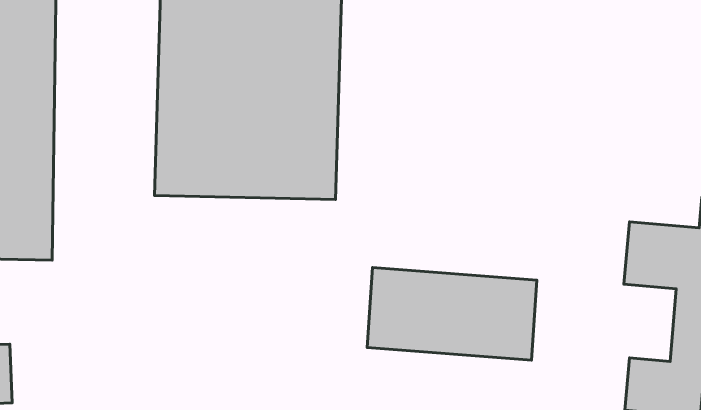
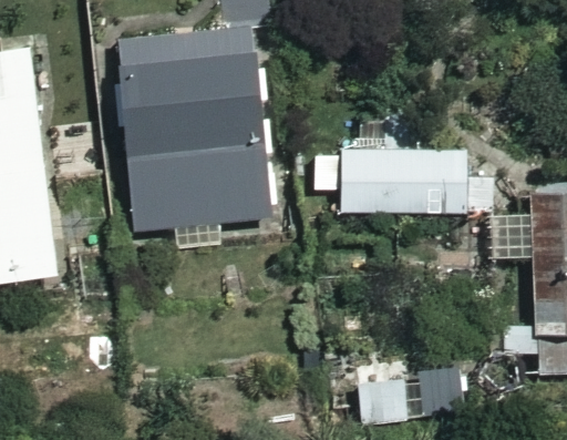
building: [367,268,537,360] -> [343,151,470,213]

